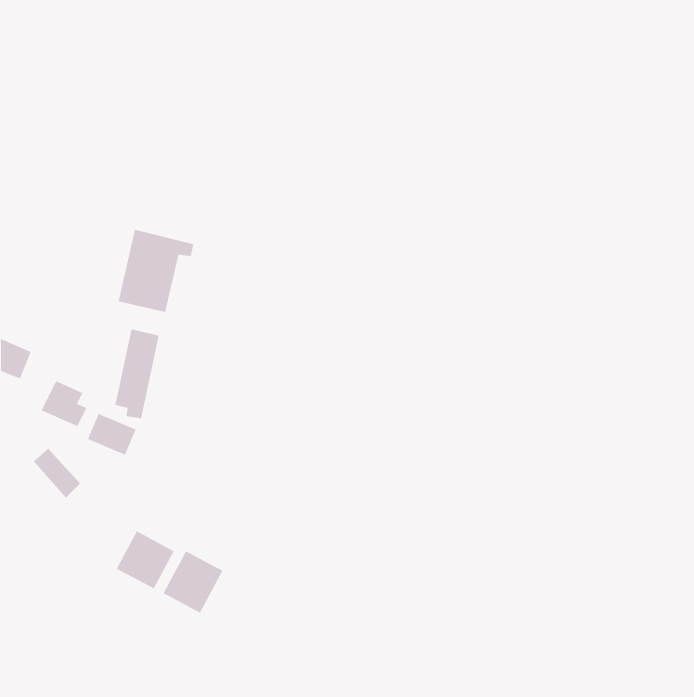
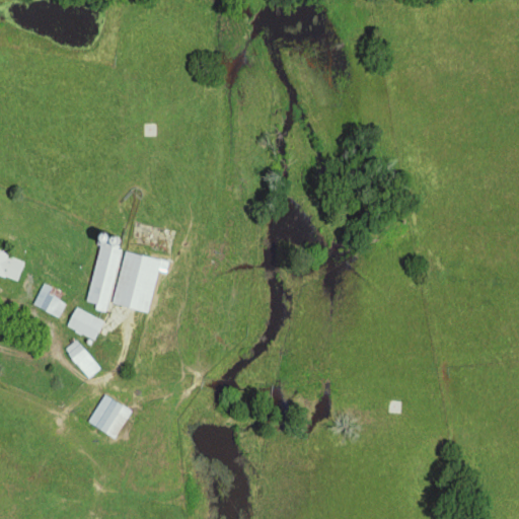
building: [118,229,194,312] -> [113,250,169,312]
building: [33,448,81,498] -> [65,341,100,378]
building: [163,551,223,614] -> none

